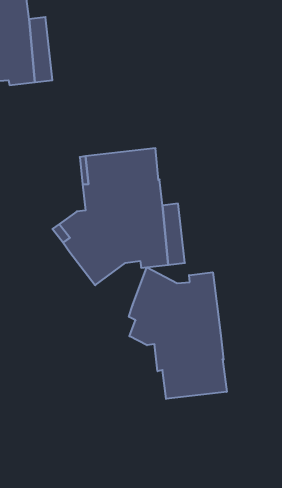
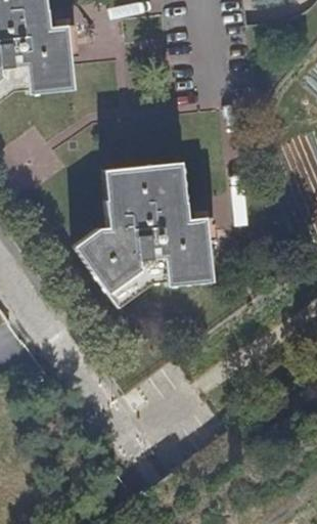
building: [129,267,227,399] -> none

